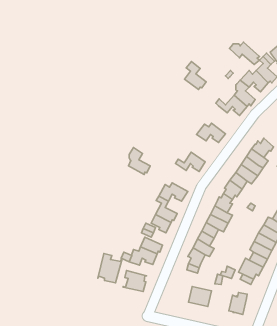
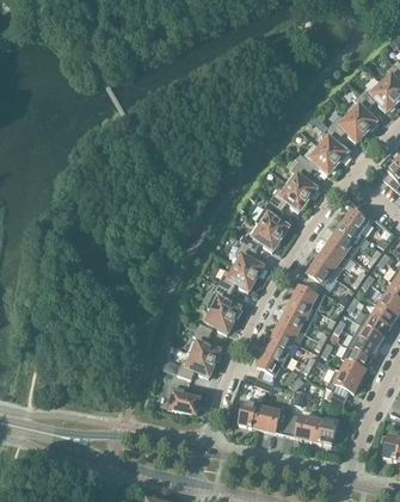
building: [230,42,260,65] -> none
building: [184,62,206,90] -> [289,161,319,199]
building: none -> [256,200,290,237]
building: [128,147,150,175] -> [235,241,265,278]
building: [98,253,122,283] -> none
building: none -> [239,397,264,428]
building: none -> [288,414,318,440]

